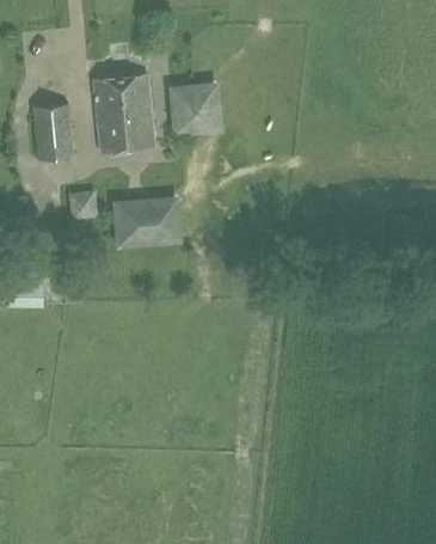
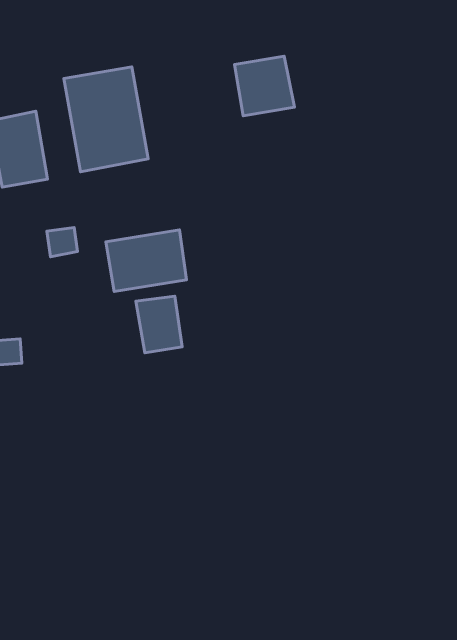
building: [172,88,216,133] -> [235,56,294,116]
building: none -> [136,296,182,353]

